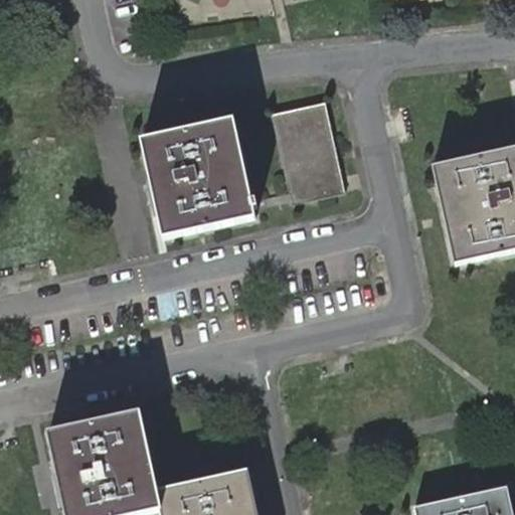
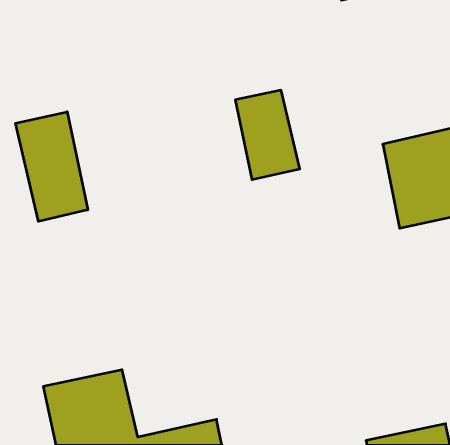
building: [142,123,251,237] -> none
building: none -> [16,112,88,221]

